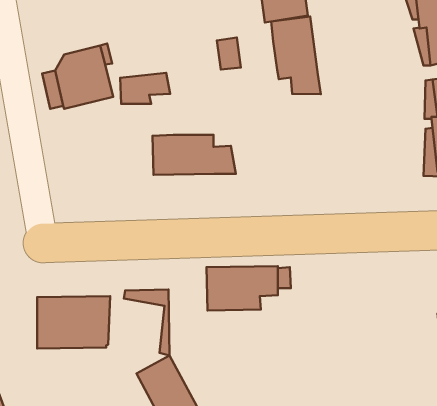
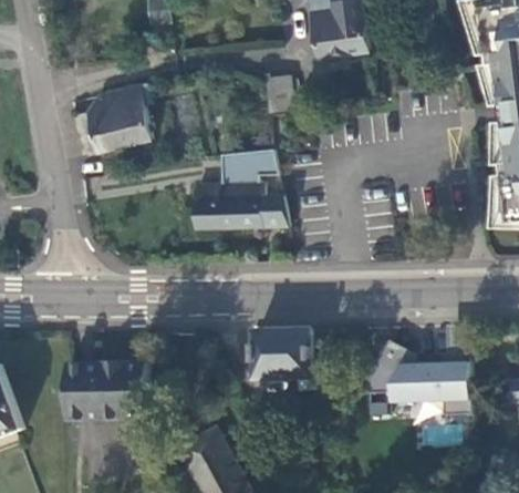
building: [271,17,321,94] -> none
building: [120,73,170,104] -> [218,148,273,183]
building: none -> [364,343,465,411]
building: [124,289,170,356] -> none

